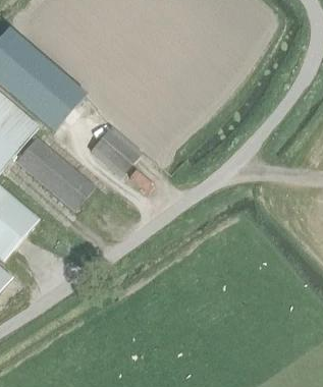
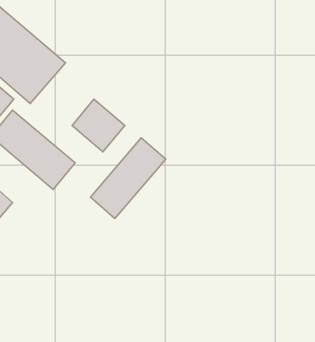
building: none -> [90,138,166,218]

